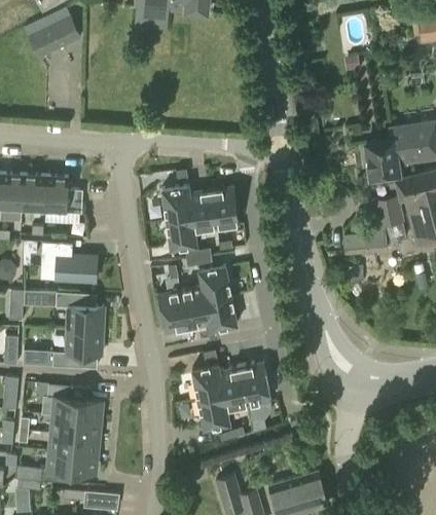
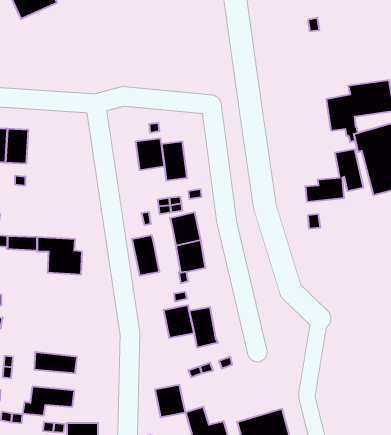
building: [44,177,82,214] -> none
building: [212,186,239,228] -> none
building: [166,216,196,250] -> none
building: [40,243,97,282] -> none
building: [179,285,209,329] -> none
building: [23,330,103,369] -> none
building: [242,362,271,405] -> none
building: [49,384,101,420] -> none
building: [197,395,230,430] -> [155,385,185,417]
building: [50,434,97,456] -> none

